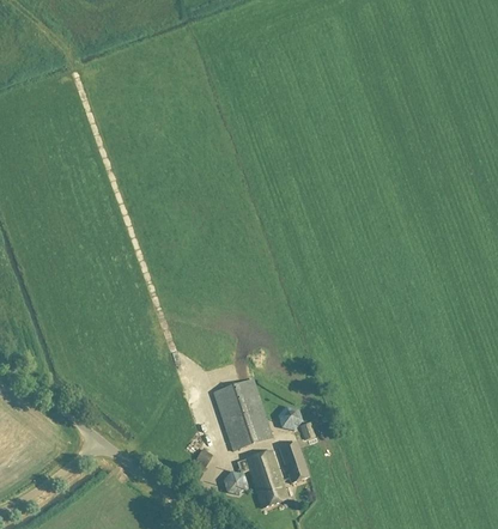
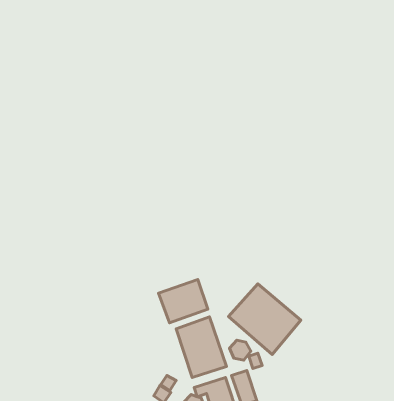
building: none -> [159,279,208,323]
building: none -> [229,284,301,354]

